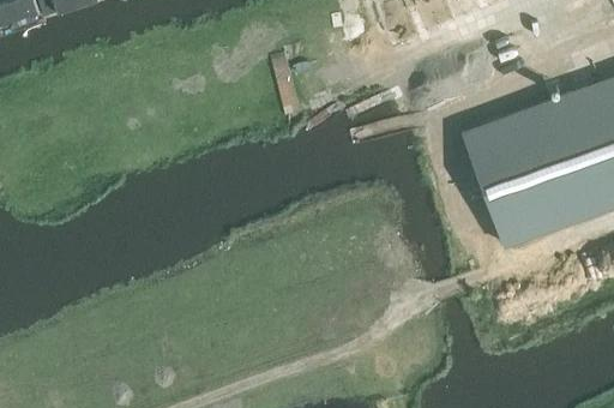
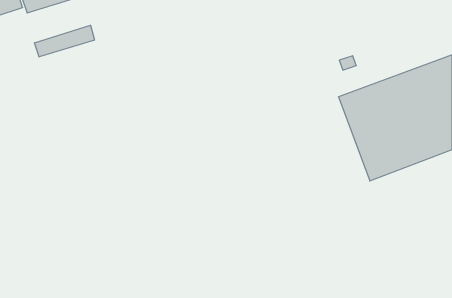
building: none -> [34,25,94,57]

